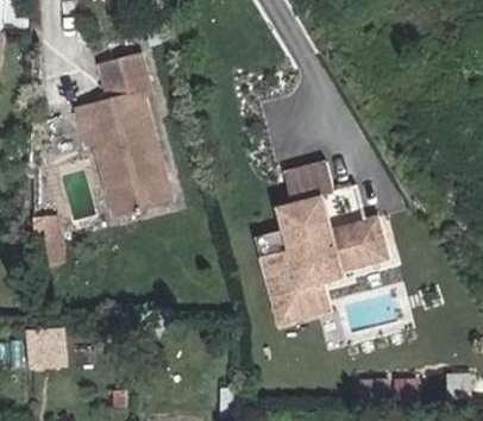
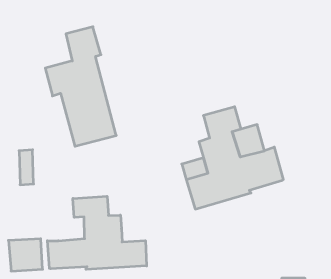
building: none -> [47,196,147,269]
building: [272,281,333,323] -> none

